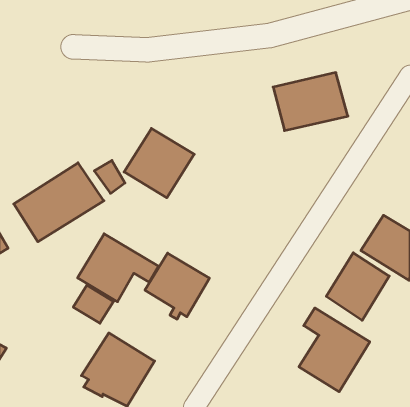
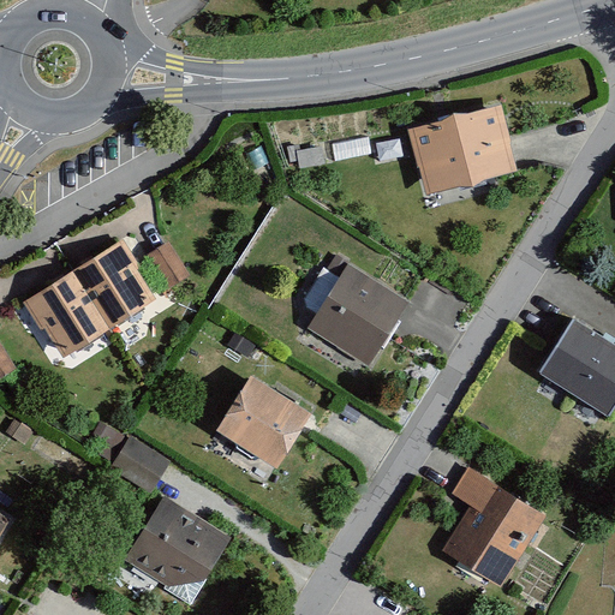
building: [124,128,194,198] -> [304,263,408,366]
building: [78,234,158,302] -> none
building: [326,253,389,320] -> none

